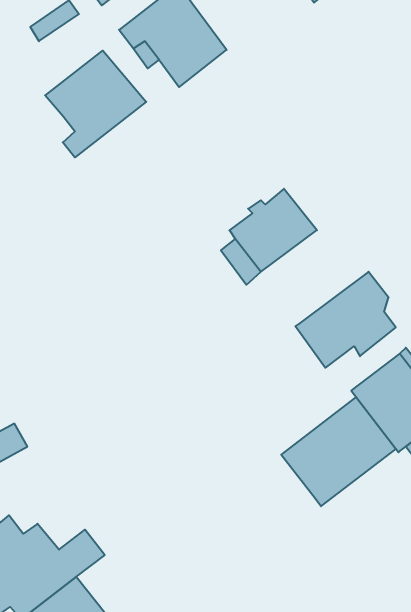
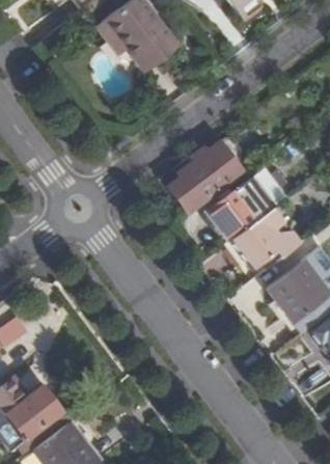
building: [45,51,146,157] -> none
building: none -> [208,171,280,240]
building: [281,397,396,506] -> none

